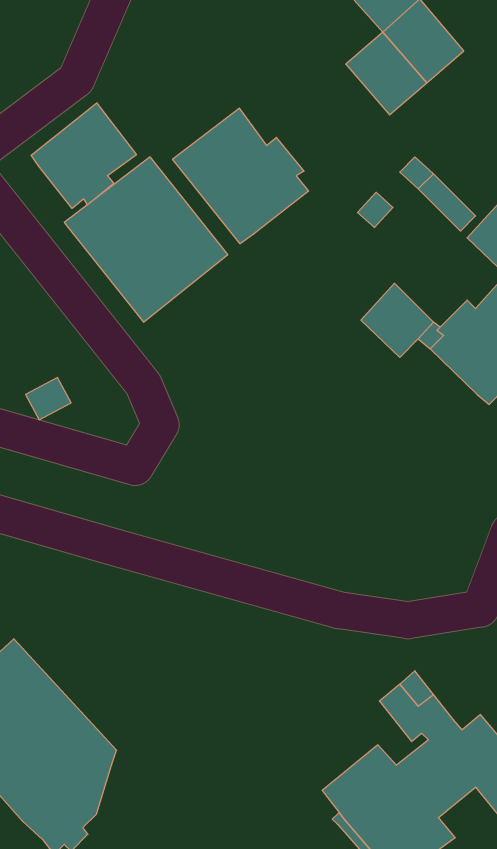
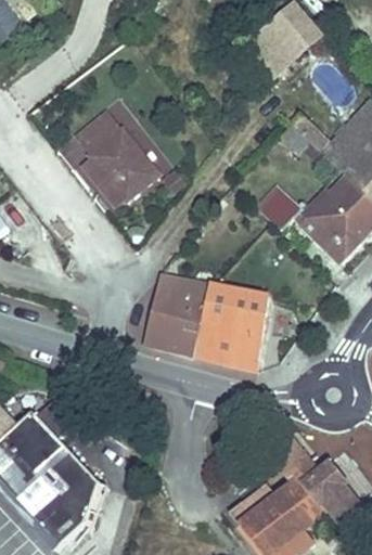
building: [31,103,136,208] -> none
building: [173,108,309,244] -> none
building: none -> [144,276,268,371]

